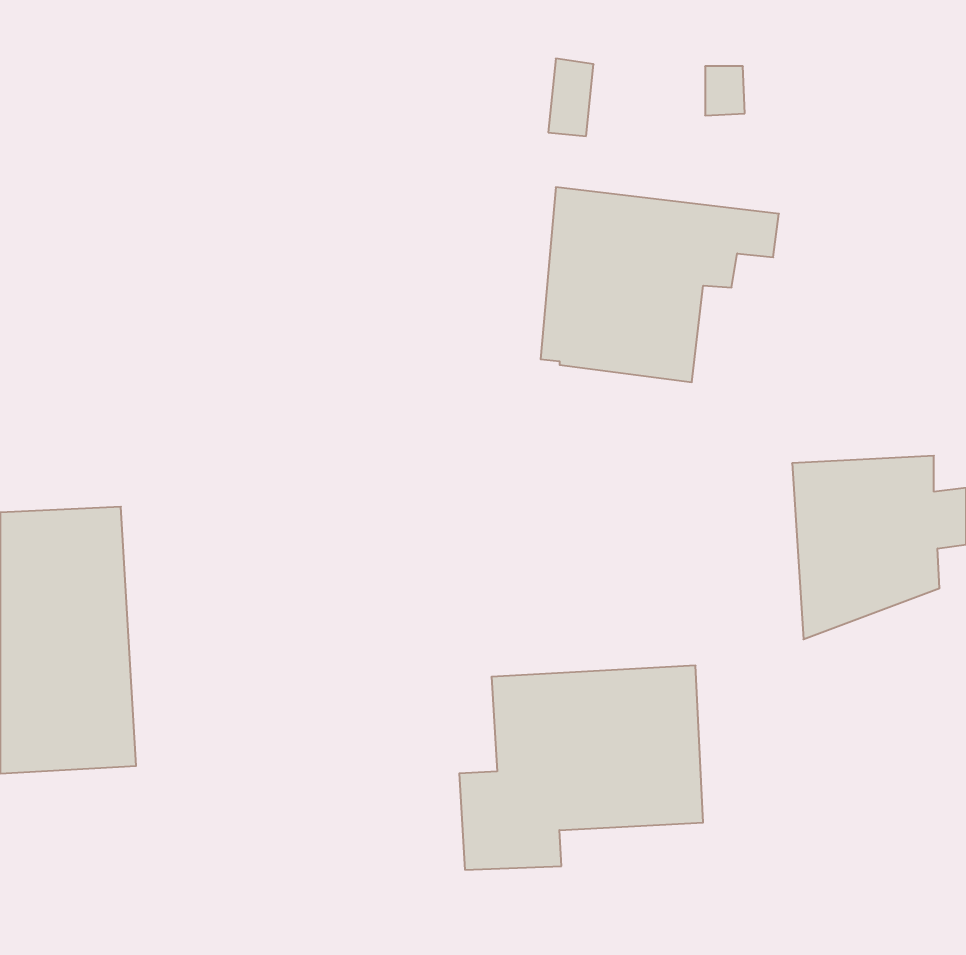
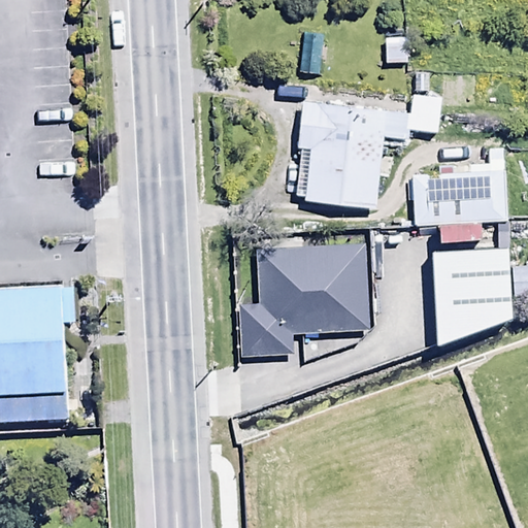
building: none -> [412,164,508,241]
building: [459,666,703,870] -> [237,244,370,356]

